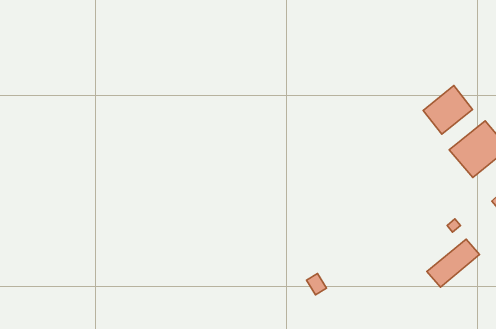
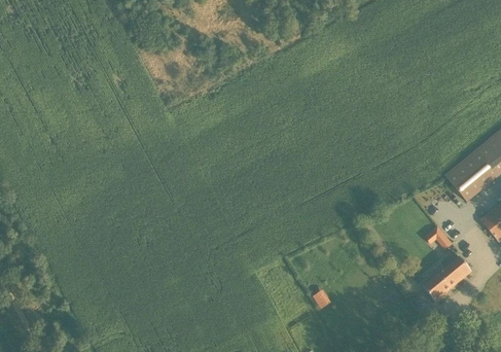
building: [423,86,472,134] -> none

